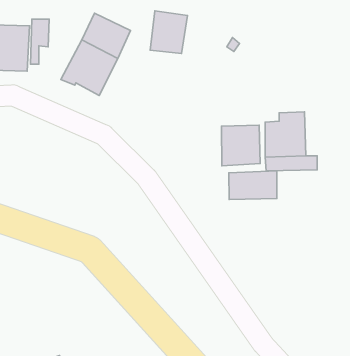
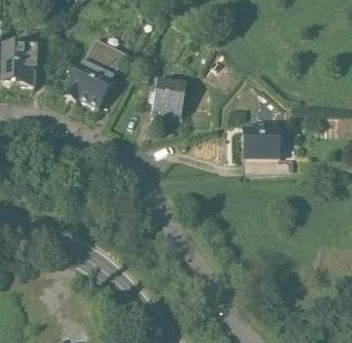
building: [150,11,187,54] -> [151,78,184,116]
building: [222,125,260,166] -> none
building: [229,171,277,200] -> none

